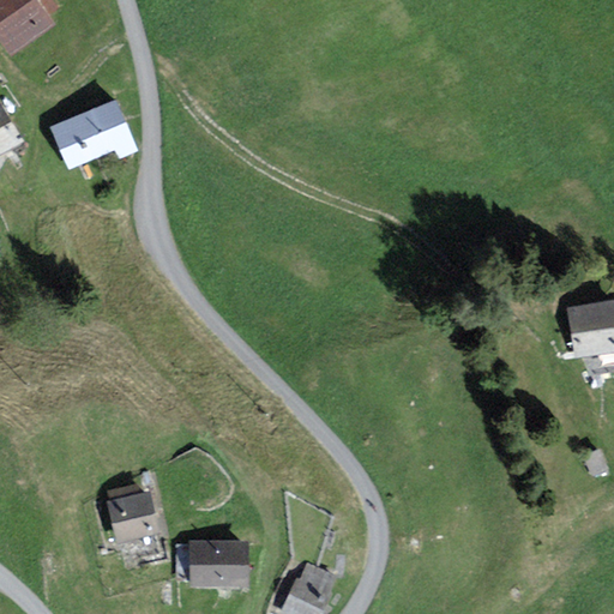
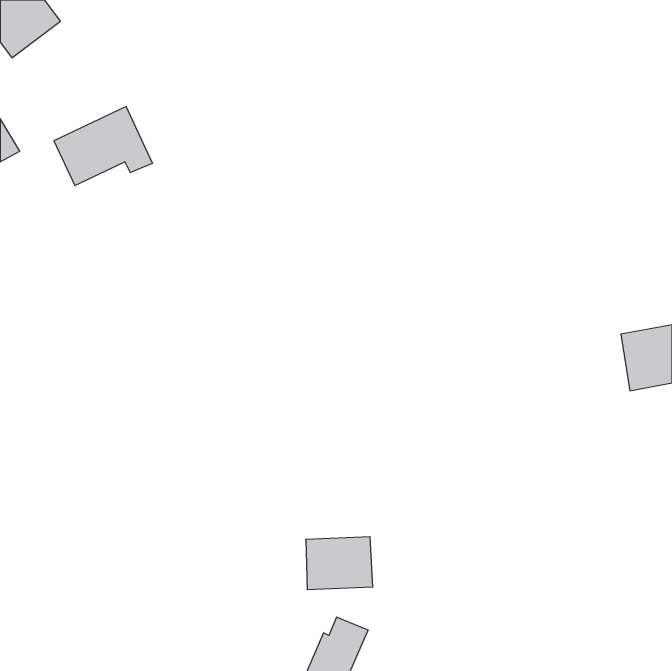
building: [106,490,159,542] -> none
building: [188,540,249,588] -> [306,537,373,589]

